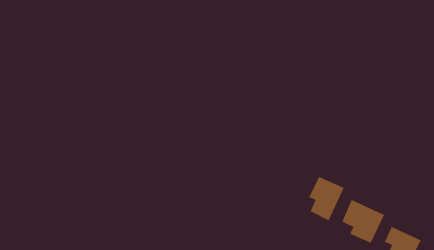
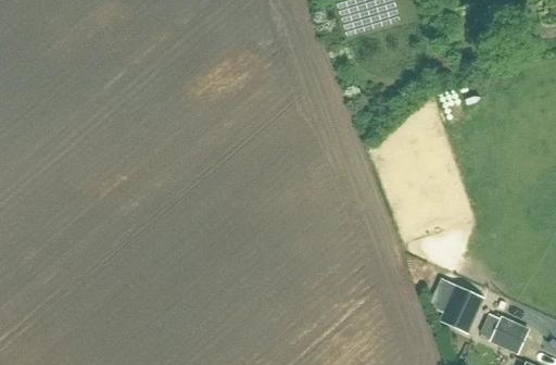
building: [309,176,345,221] -> none

